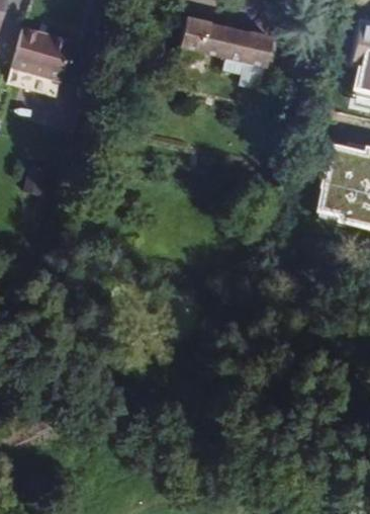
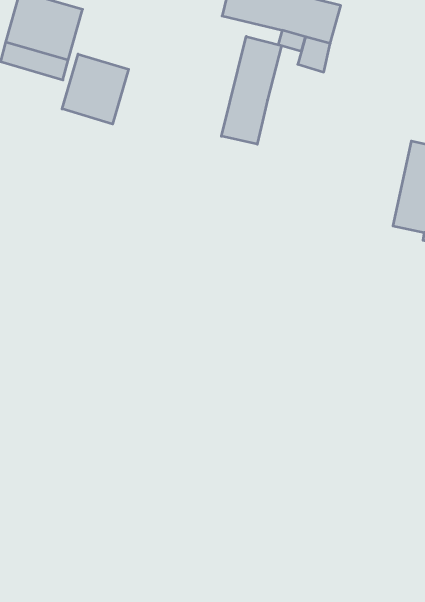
building: none -> [221,36,282,144]
building: none -> [62,54,129,124]

